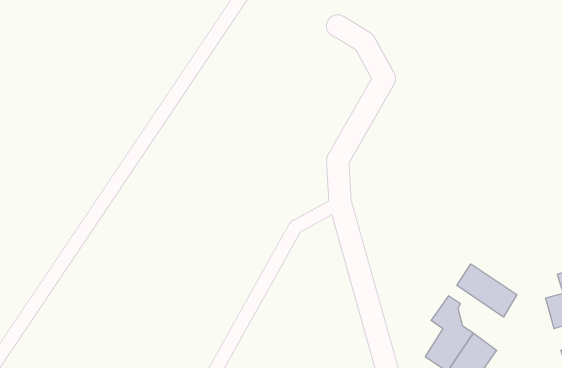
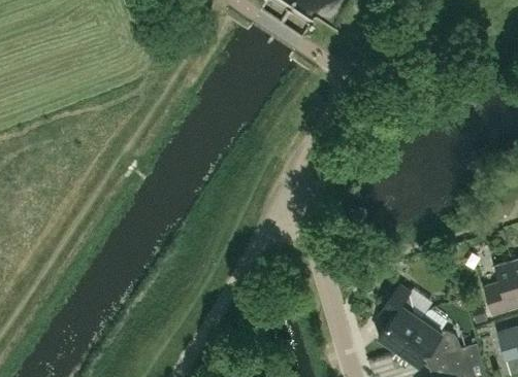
building: [457,264,517,317] -> none

